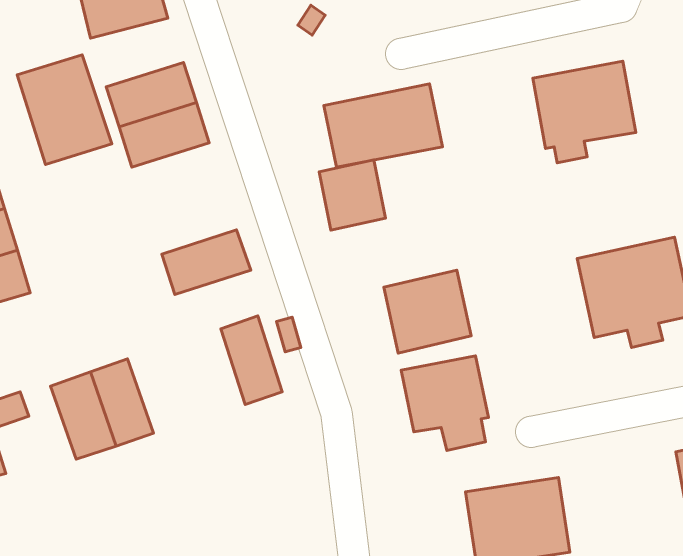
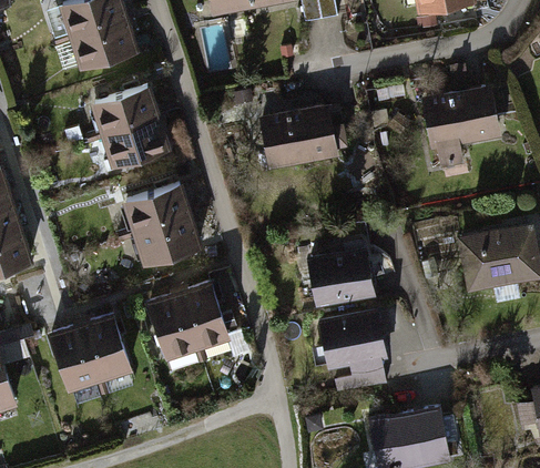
building: [17,55,112,165] -> none
building: [319,160,386,230] -> none
building: none -> [123,183,192,234]
building: none -> [147,292,198,360]

